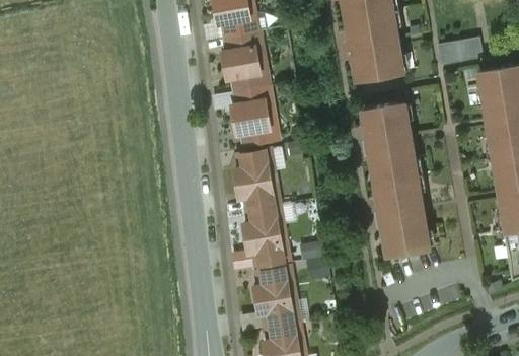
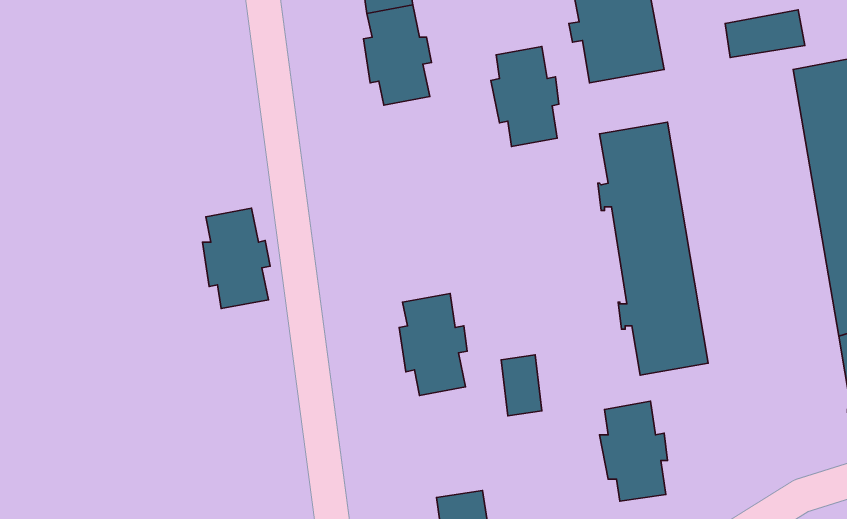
building: [232,87,273,147] -> [491,46,559,147]
building: [235,150,276,210] -> [202,208,270,308]
building: [254,267,295,327] -> [600,401,667,501]

